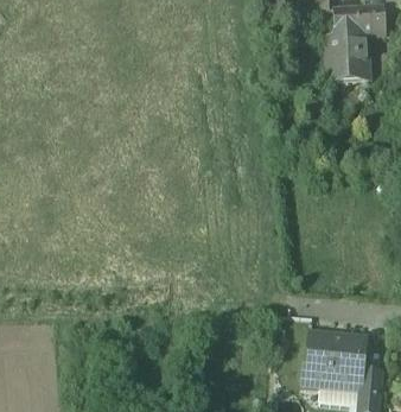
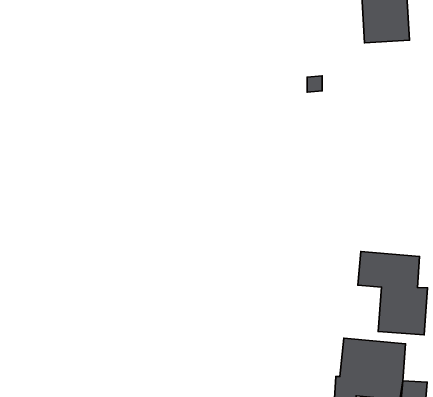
building: none -> [358,252,427,335]

